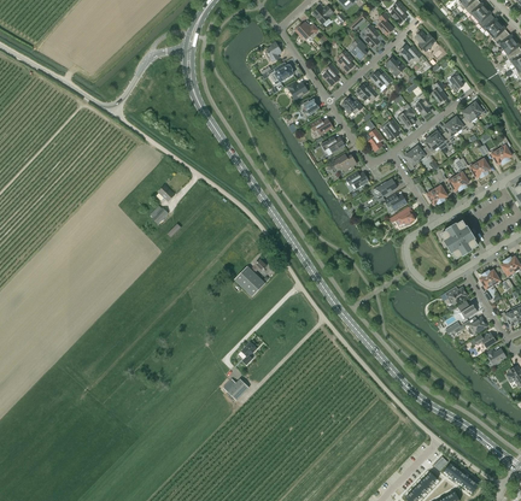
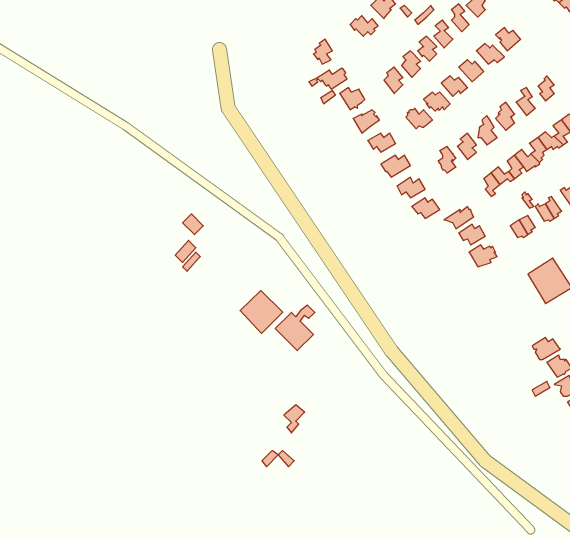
building: none -> [240,291,283,333]

